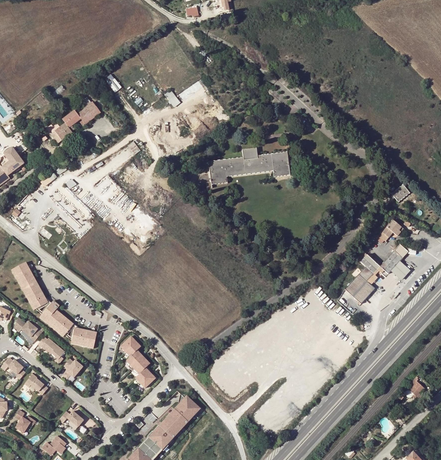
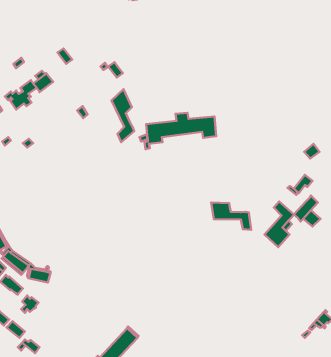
building: none -> [111,89,134,142]
building: none -> [211,202,251,230]
building: [123,334,158,385] -> none

